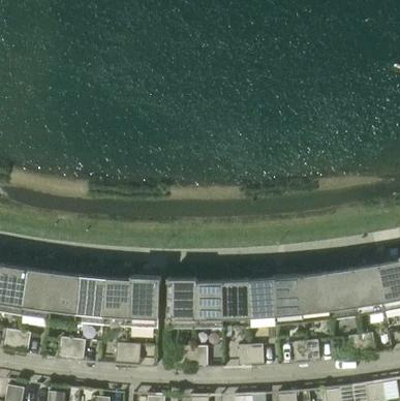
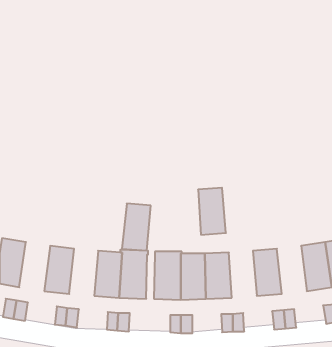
building: [22,267,55,319] -> none
building: [299,271,331,322] -> none
building: [75,274,106,325] -> [122,204,151,251]
building: [247,276,277,327] -> [198,188,226,235]

